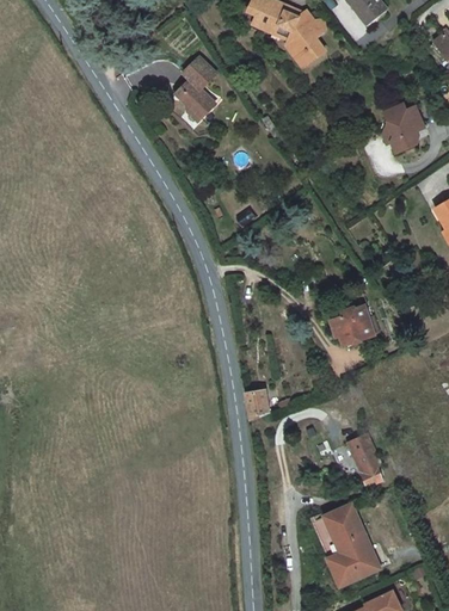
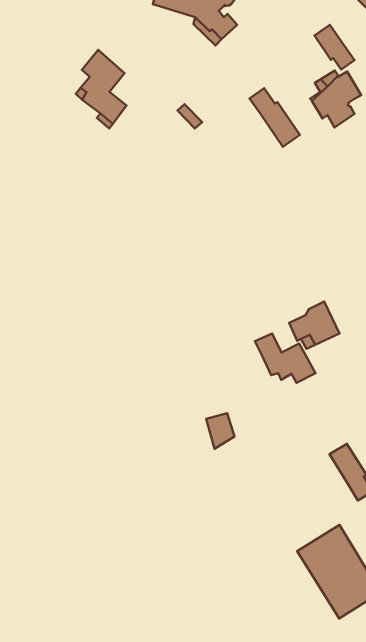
building: none -> [314,25,354,70]
building: none -> [249,88,300,147]
building: none -> [255,334,316,383]

